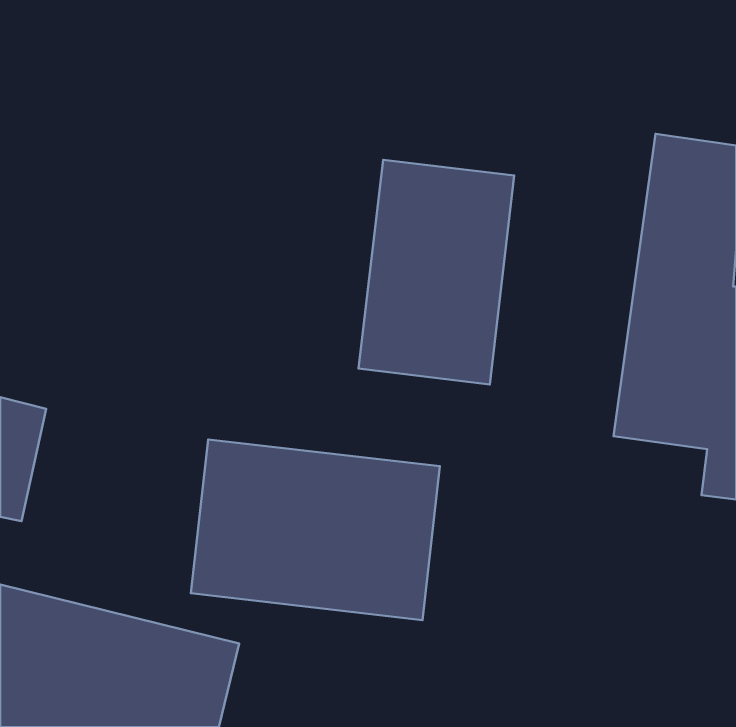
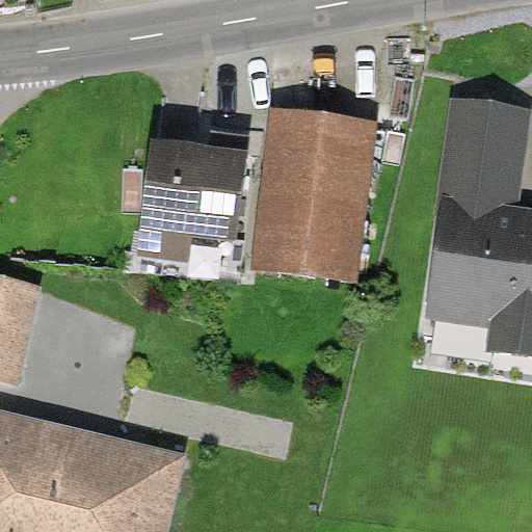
building: none -> [143,145,246,255]
building: [191,439,440,620] -> none

